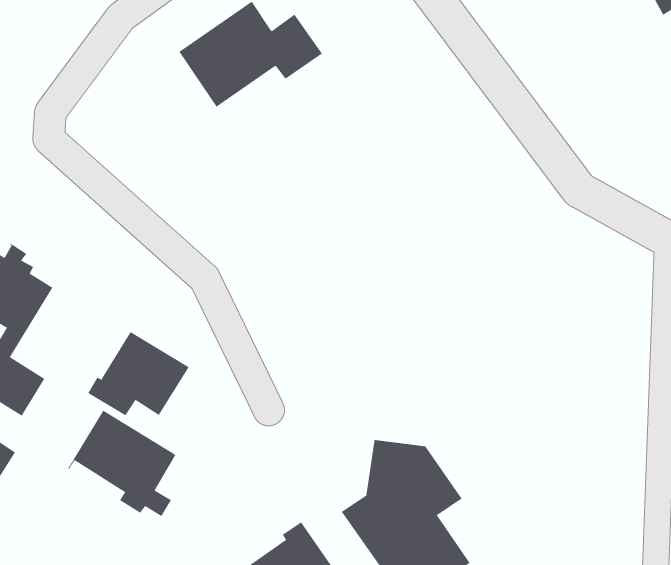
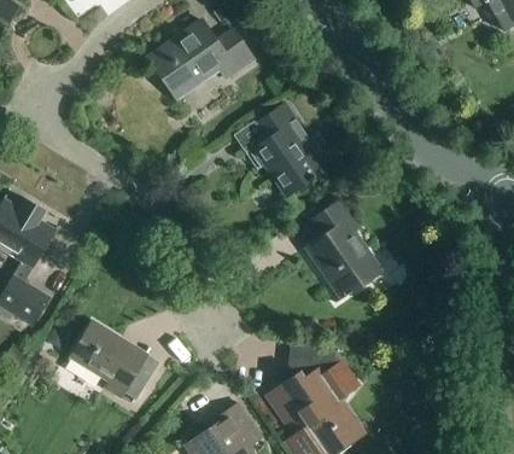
building: none -> [250,105,320,197]
building: none -> [305,202,381,303]
building: [88,331,189,416] -> none

